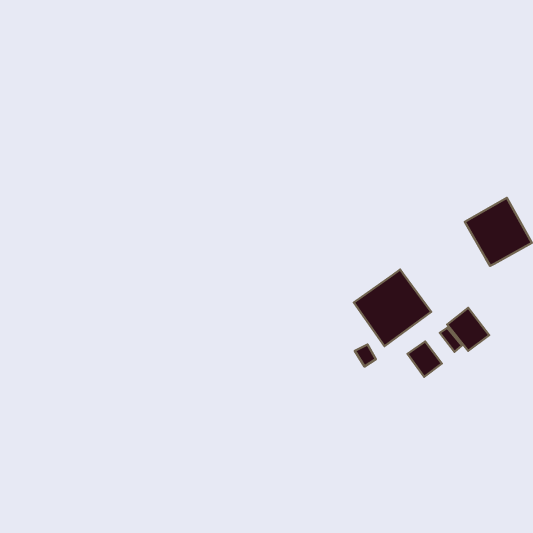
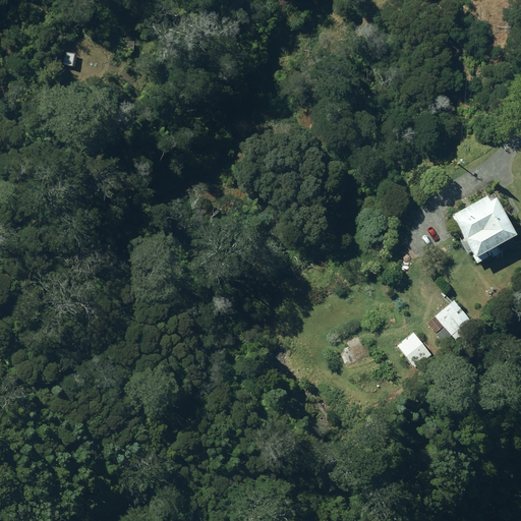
building: [354,270,431,346] -> none

